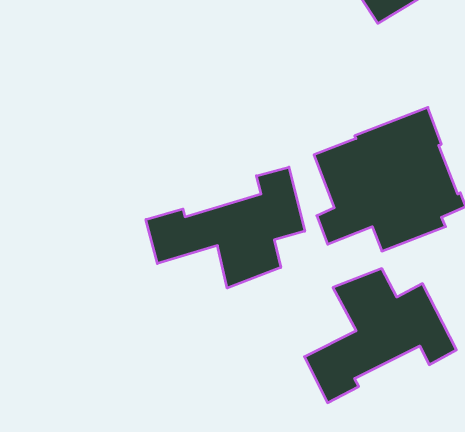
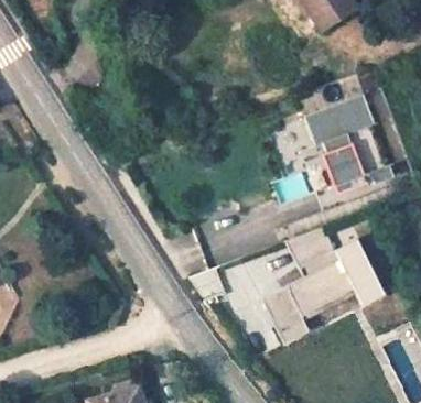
building: [146,167,305,288] -> none

